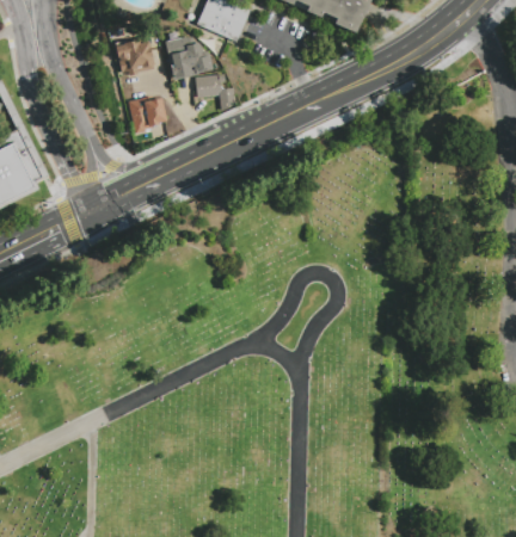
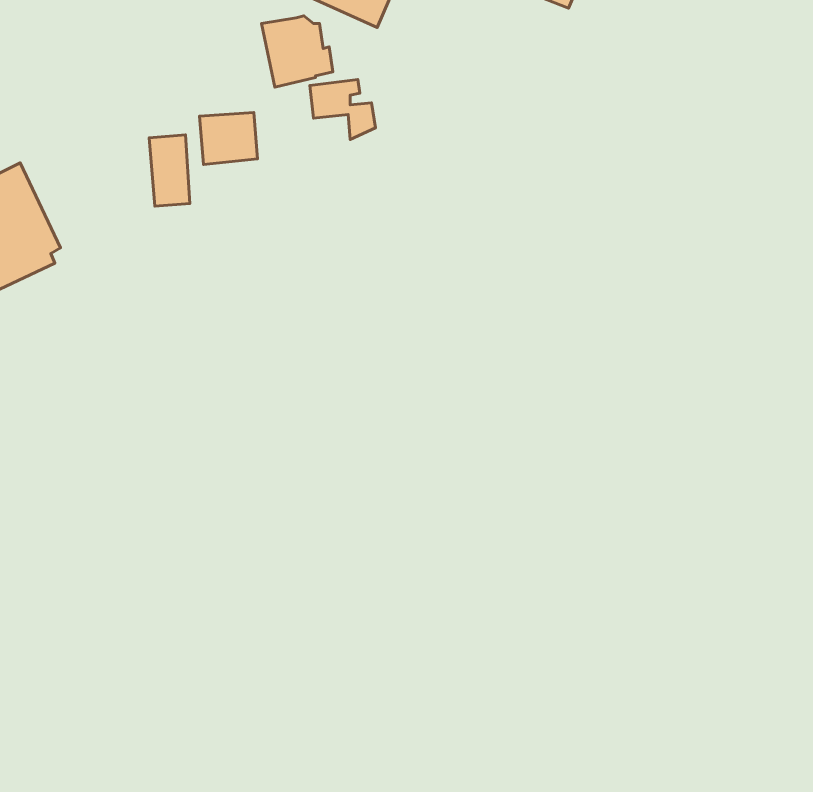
building: [115,37,156,73] -> none
building: none -> [149,135,190,206]

